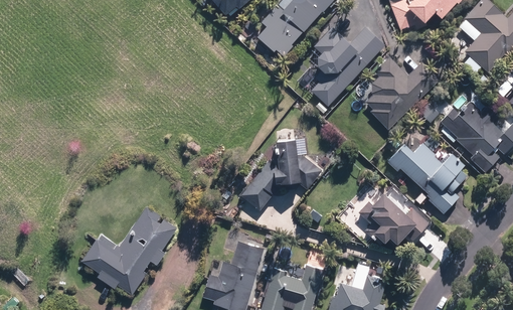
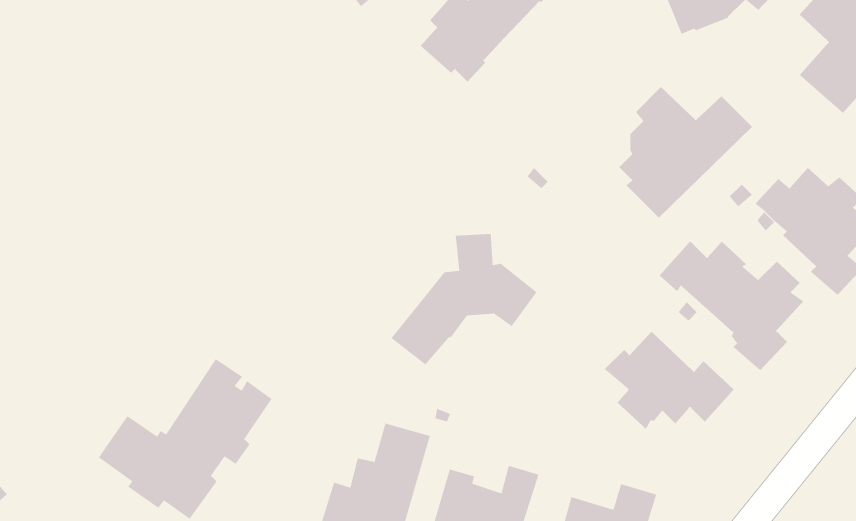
building: [310,26,384,107] -> none

